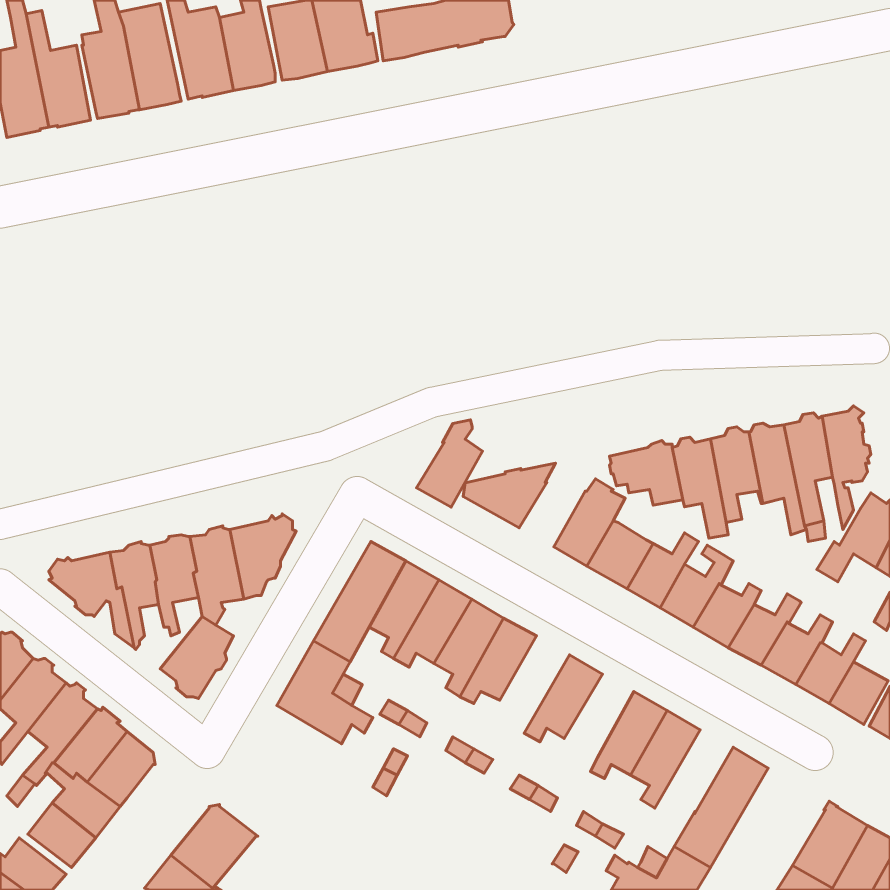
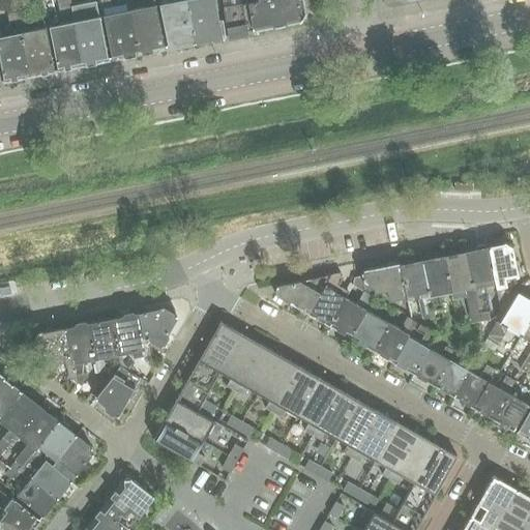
building: [416,420,483,507] -> [308,273,348,325]
building: none -> [297,378,338,436]
building: none -> [335,401,377,459]
building: none -> [152,419,204,467]
building: none -> [389,434,436,485]

